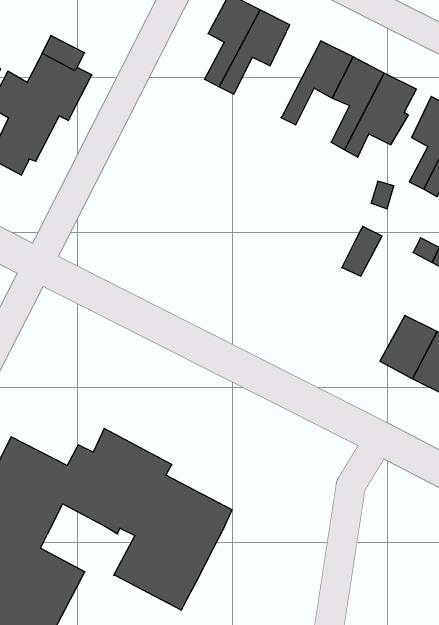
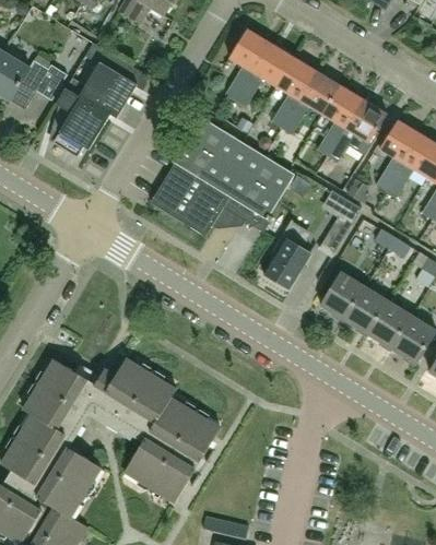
building: none -> [272,57,316,128]
building: none -> [151,118,293,236]
building: none -> [264,222,310,288]
building: none -> [319,272,365,321]

